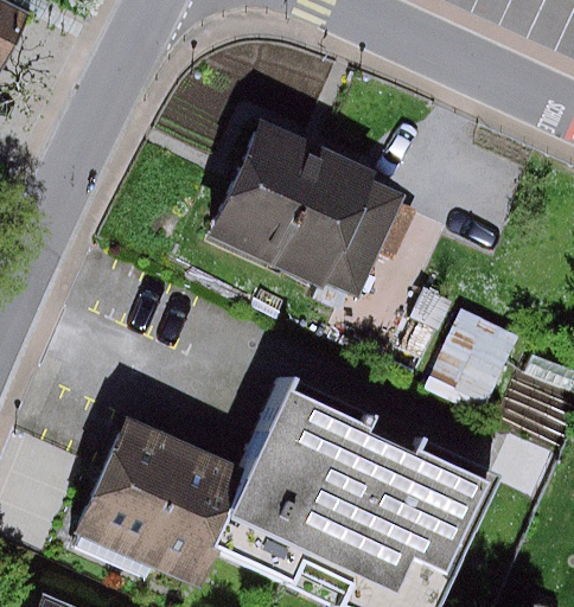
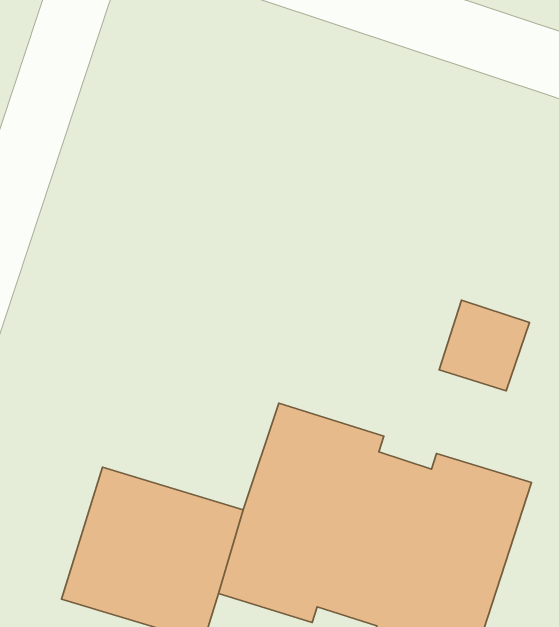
building: [230,143,400,296] -> none

